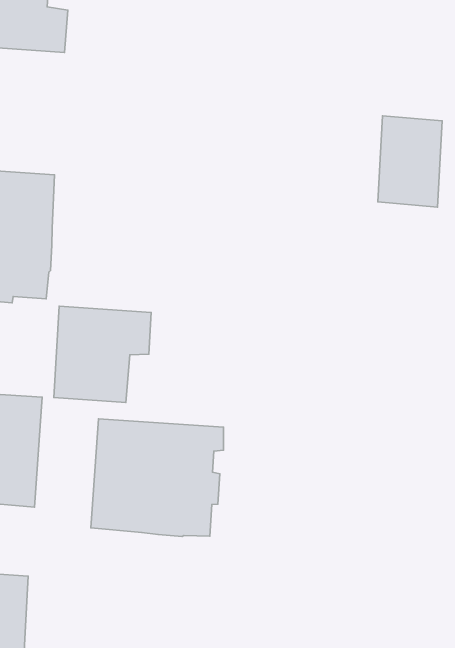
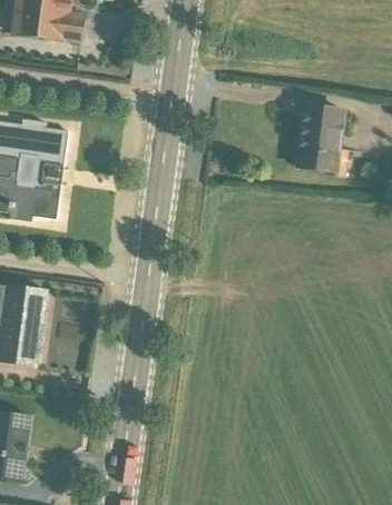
building: [54,306,151,402] -> none
building: [91,419,224,536] -> none

